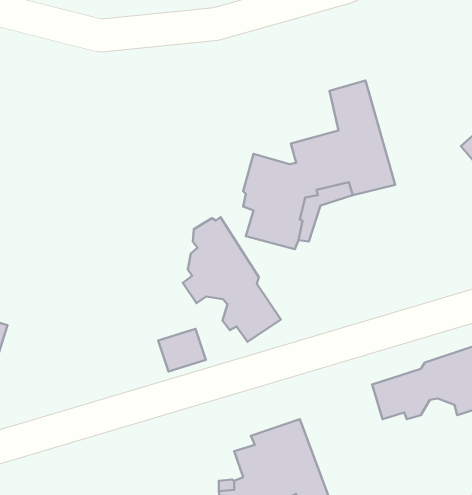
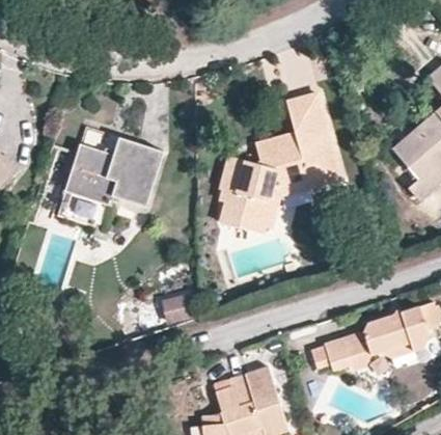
building: none -> [57,138,165,219]
building: [183,217,281,342] -> none

